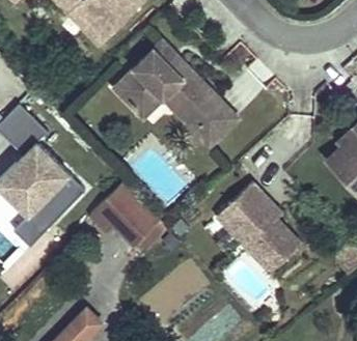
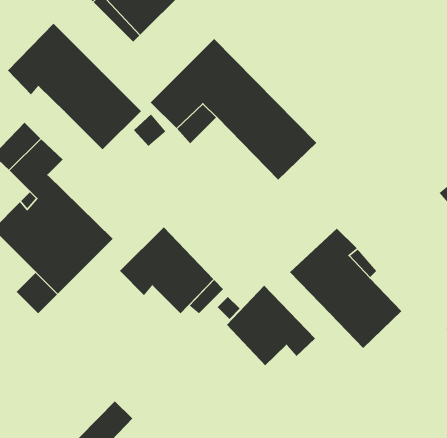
building: none -> [7,23,142,150]
building: none -> [226,285,316,366]

